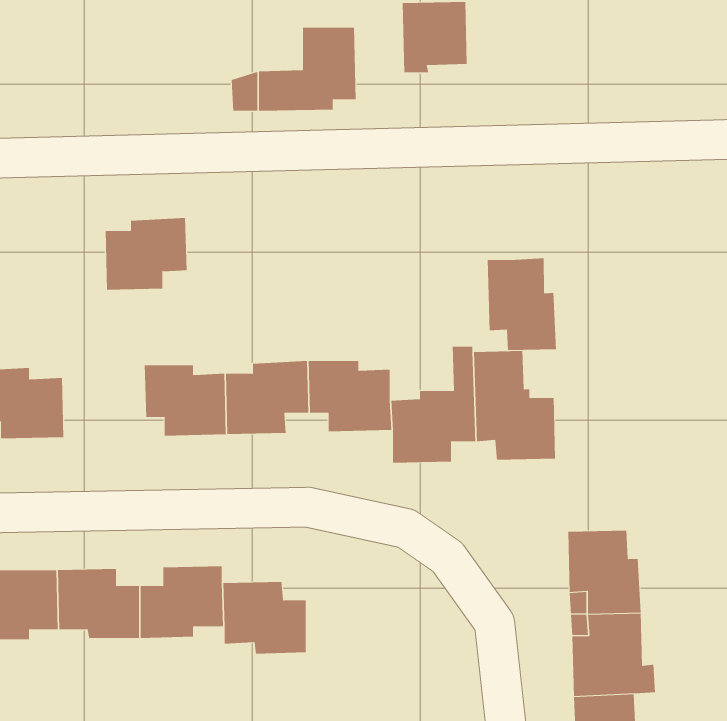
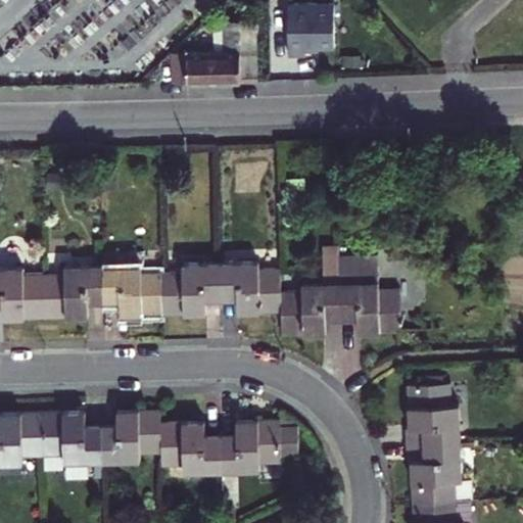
building: [105,218,187,290] -> [45,267,104,319]
building: [487,258,557,351] -> none
building: none -> [220,421,295,473]

